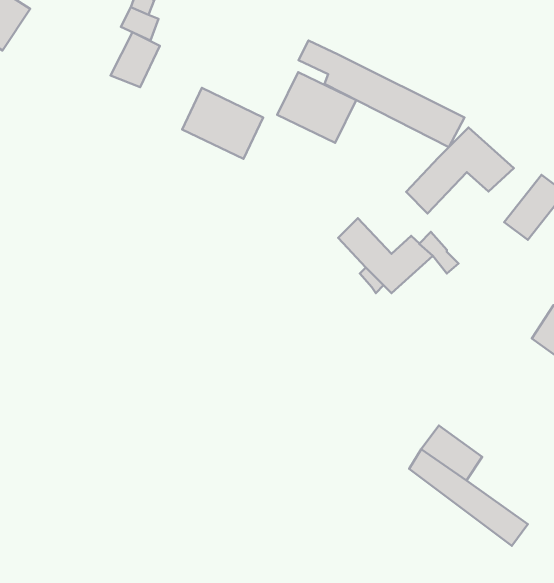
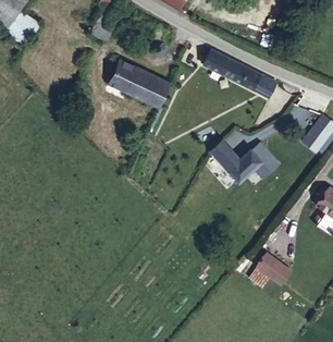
building: [111,32,160,87] -> [109,59,136,89]
building: [277,72,356,143] -> none
building: [406,128,514,213] -> none

